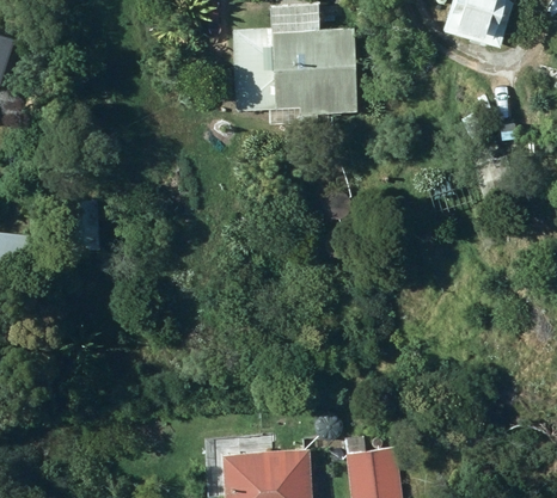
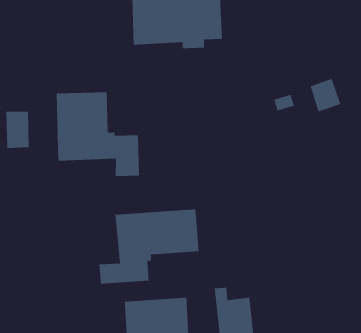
building: none -> [56,91,140,177]
building: none -> [99,209,199,285]

